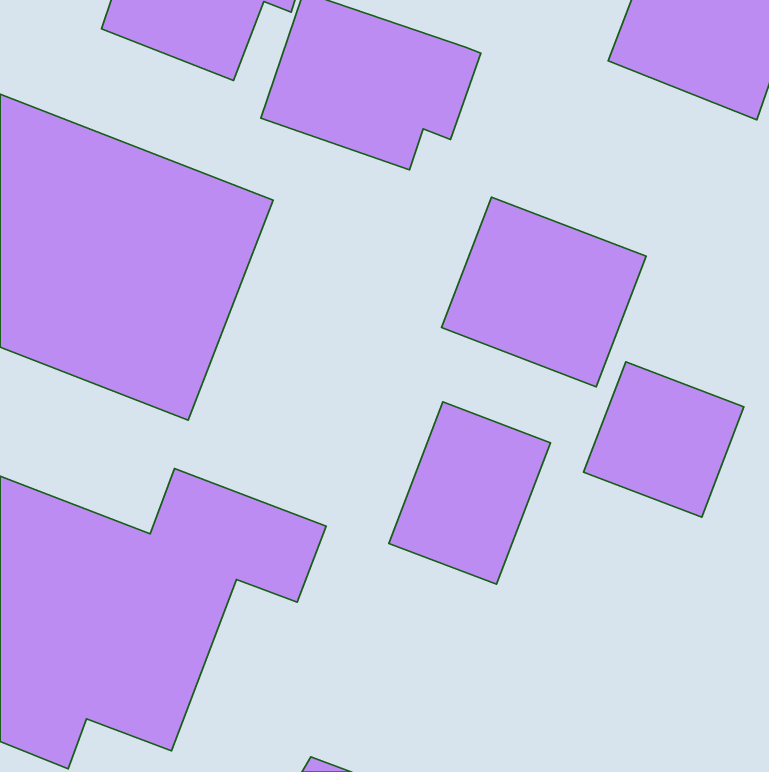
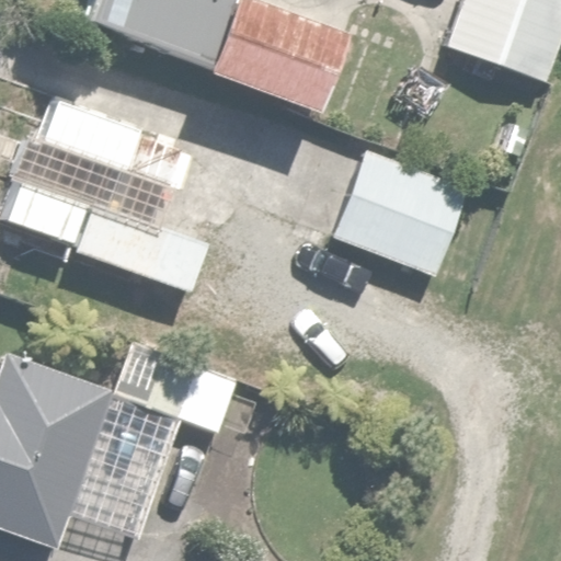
building: [584,362,744,517] -> none
building: [389,402,550,584] -> none

